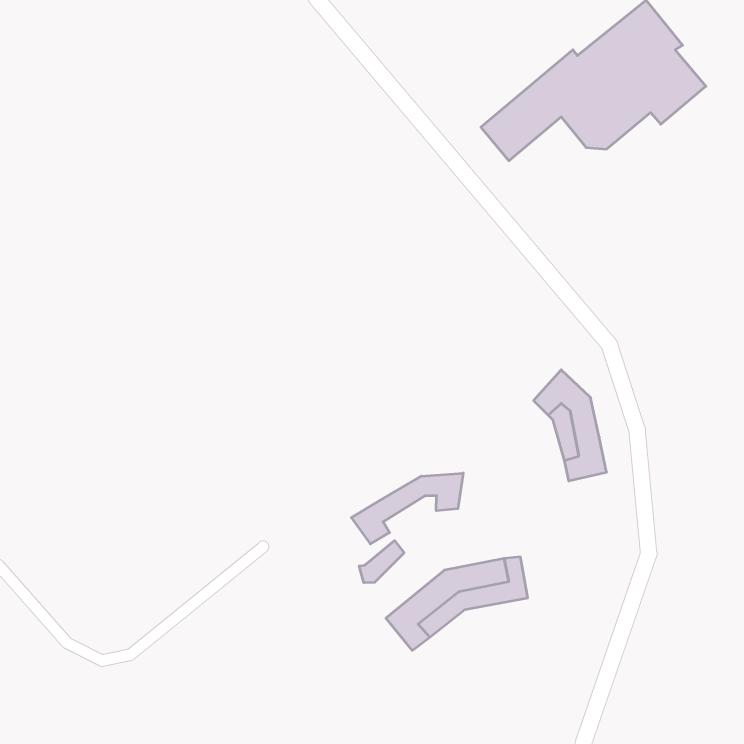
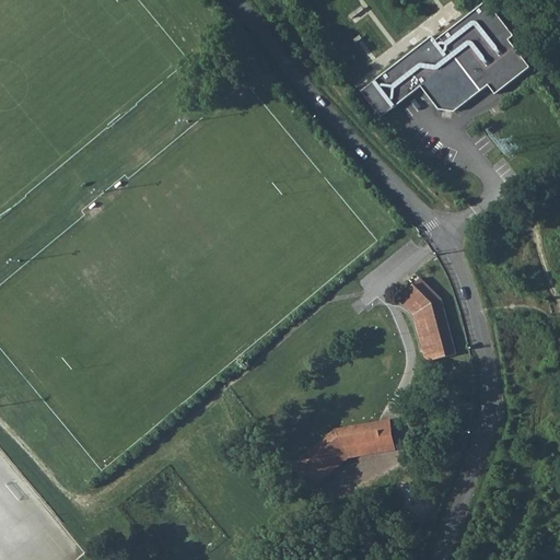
building: [351,473,463,544] -> none
building: [359,541,404,583] -> none

